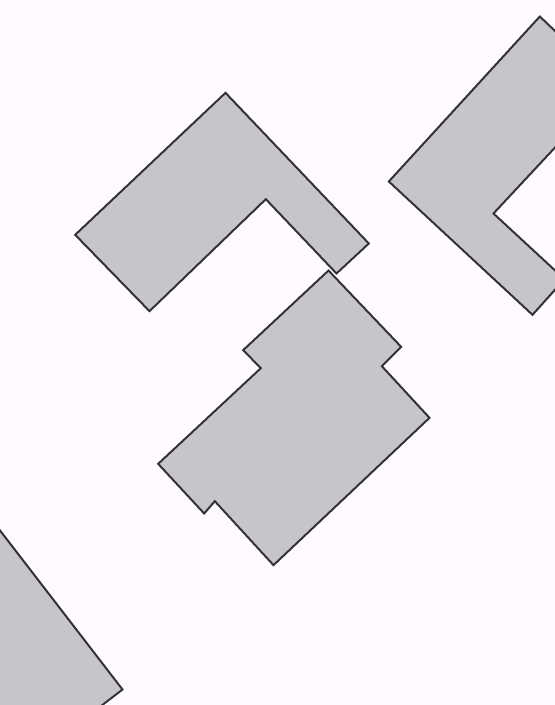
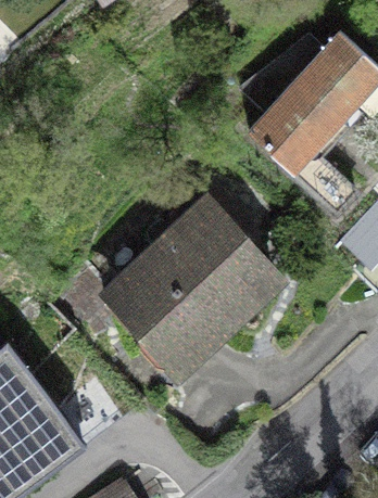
building: [75,93,369,311] -> none

